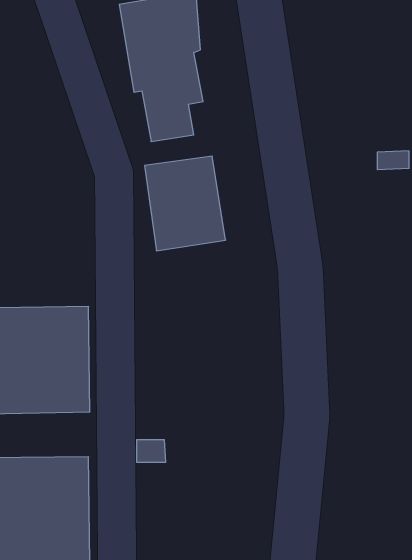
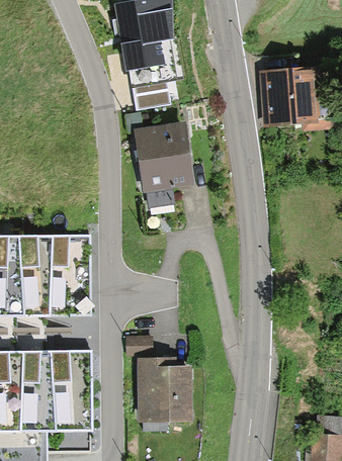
building: none -> [264,71,307,124]
building: none -> [138,364,183,423]

